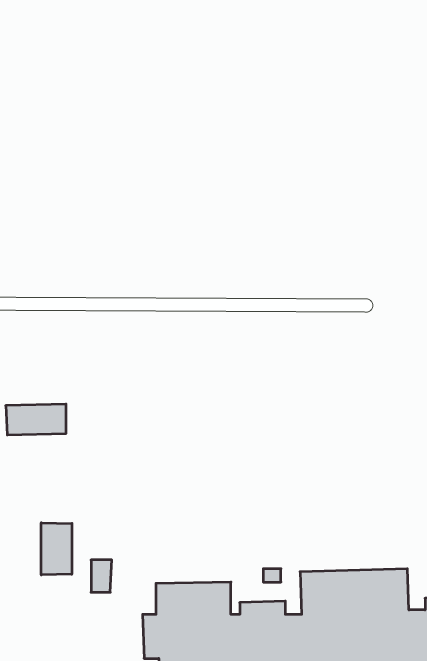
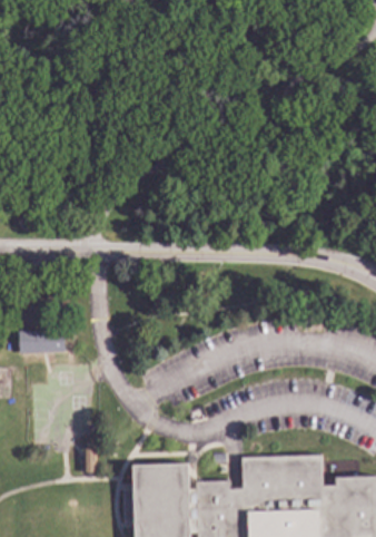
building: [41,523,72,575] -> none

